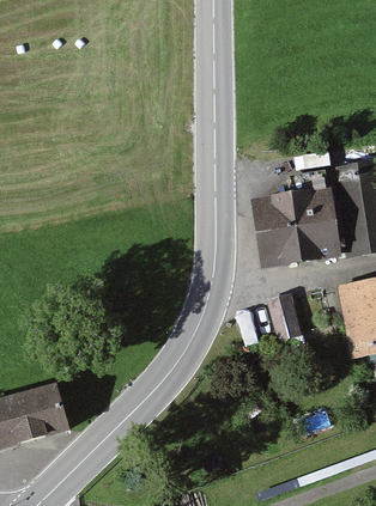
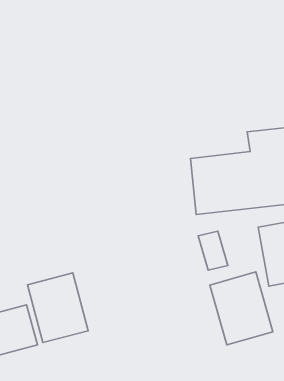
building: none -> [210,272,273,345]
building: none -> [28,273,88,343]

